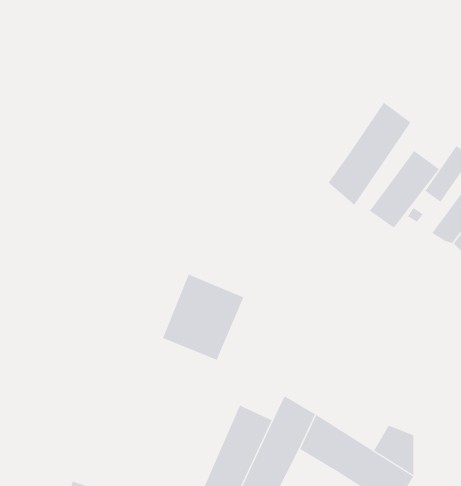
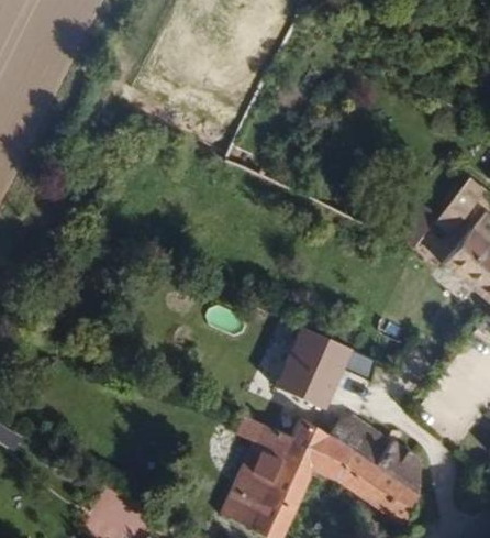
building: [328,102,411,206] -> none
building: [369,150,440,228] -> none
building: [162,274,244,360] -> [280,326,357,407]

